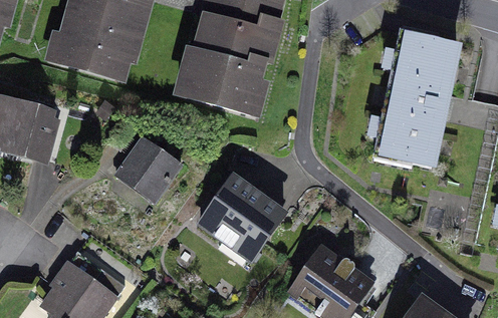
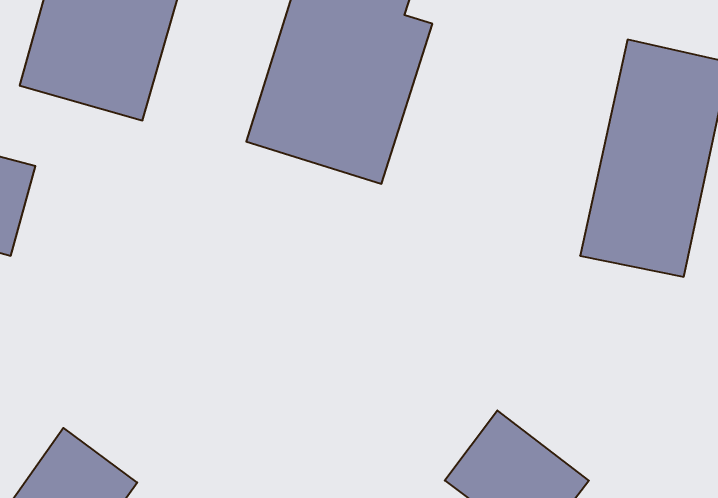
building: [126,133,191,198] -> none
building: [198,180,282,261] -> none

